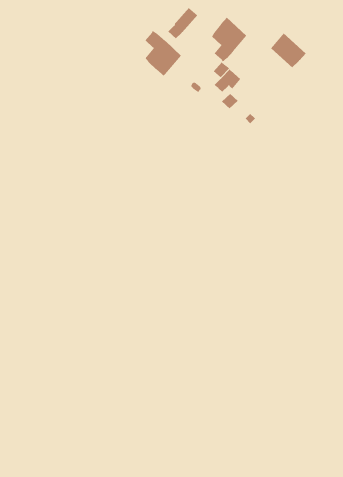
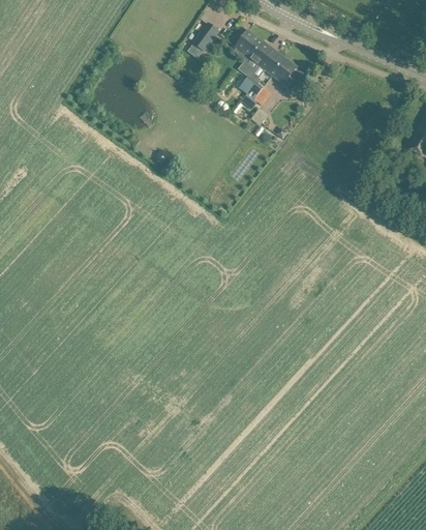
building: [145,30,182,77] -> none
building: [270,32,307,68] -> [260,48,298,84]

